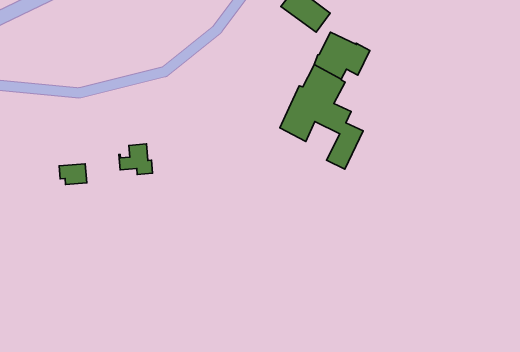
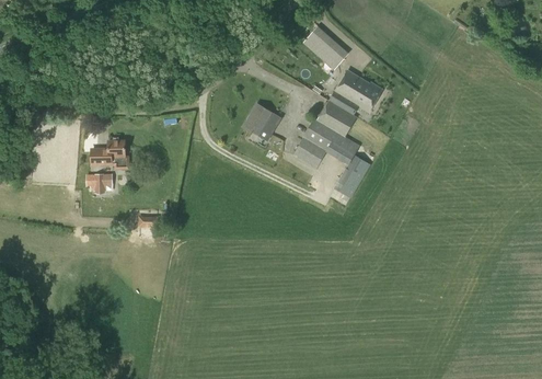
building: none -> [244,103,280,136]
building: [119,144,153,174] -> [99,141,128,169]

